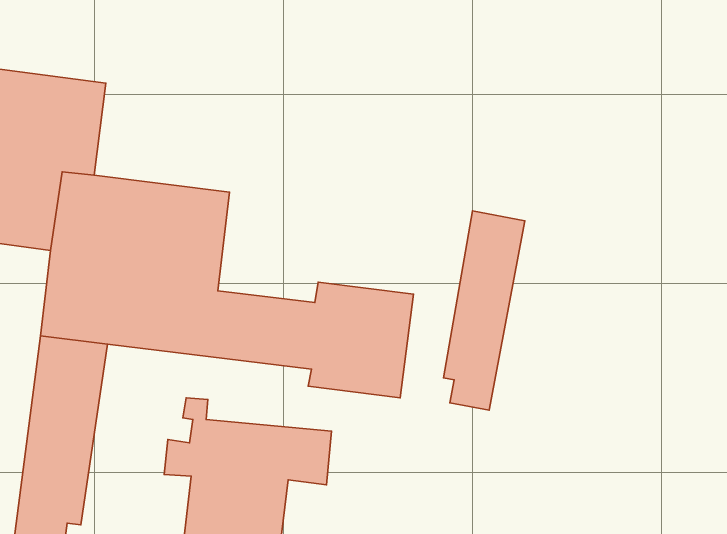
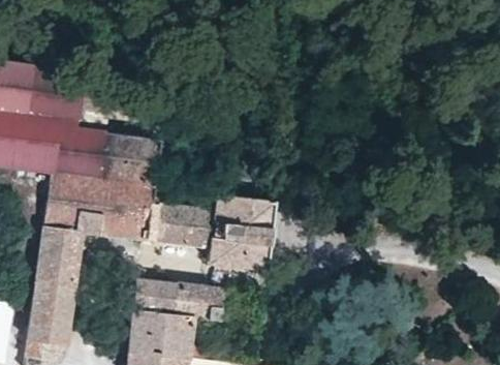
building: [444,211,525,410] -> none

